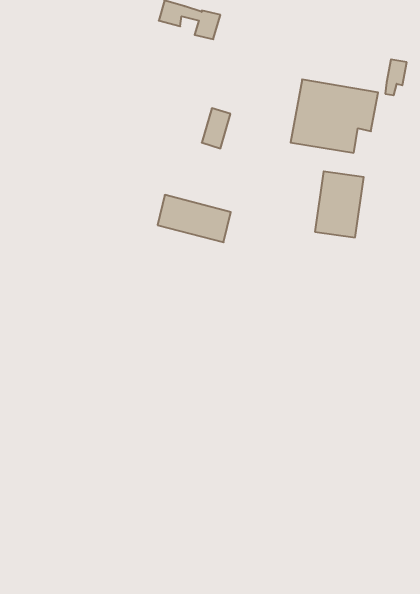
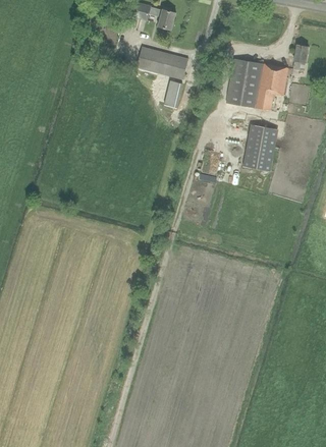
building: [158,195,231,242] -> [135,46,187,79]

